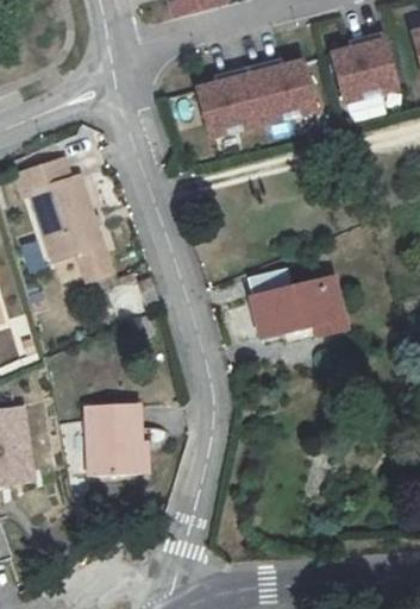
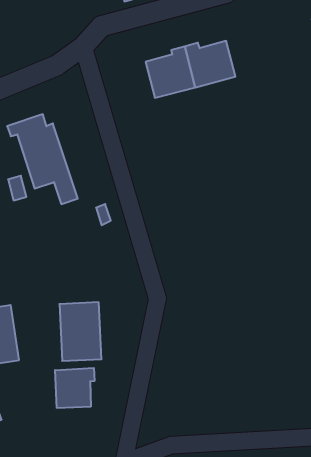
building: [332,36,396,102] -> none
building: [247,265,347,337] -> none
building: none -> [55,368,94,408]

